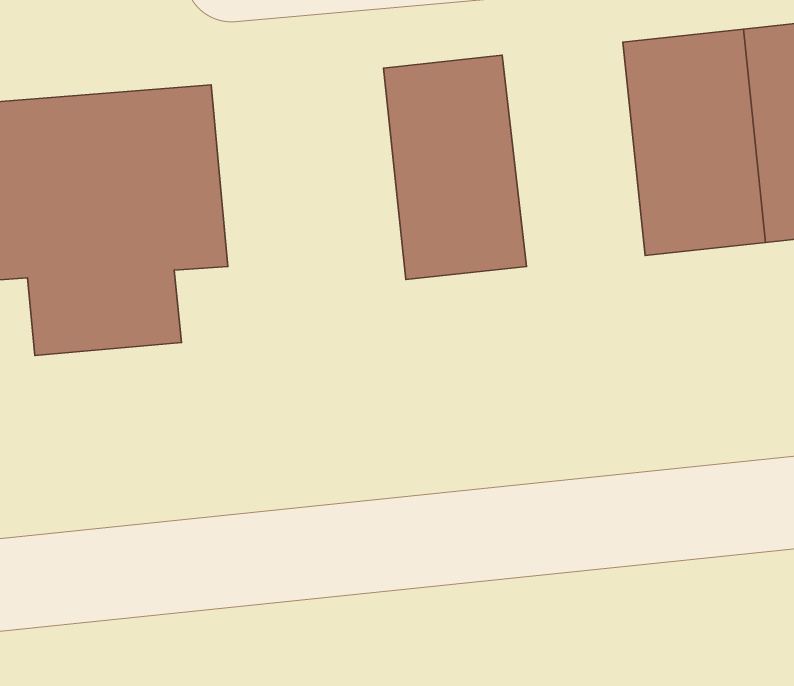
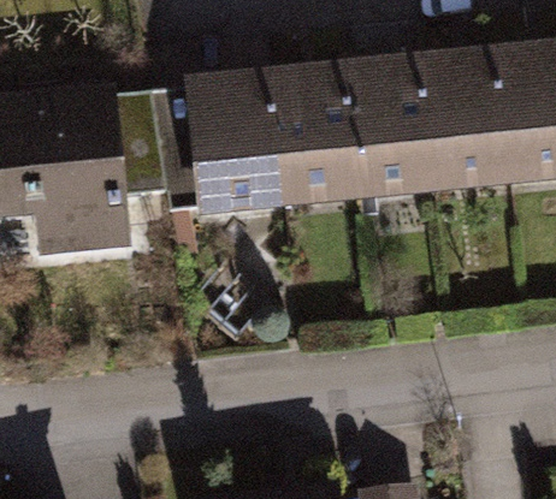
building: none -> [338,53,431,198]
building: none -> [183,70,276,215]

